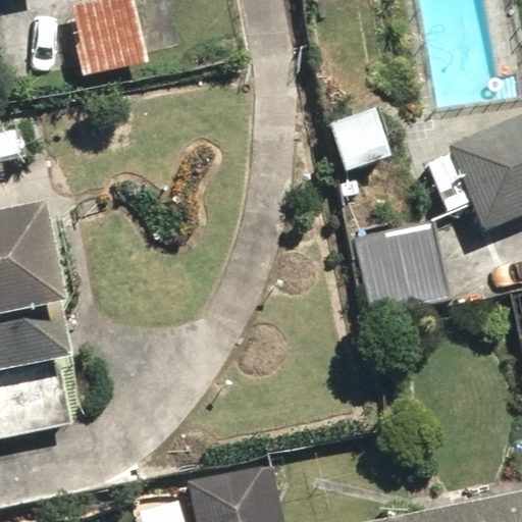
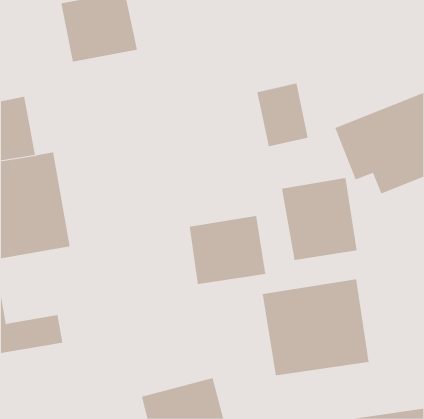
building: none -> [189,215,266,285]
building: none -> [262,279,369,376]

